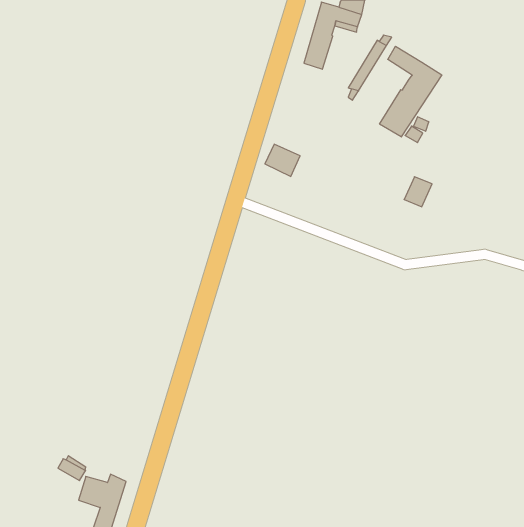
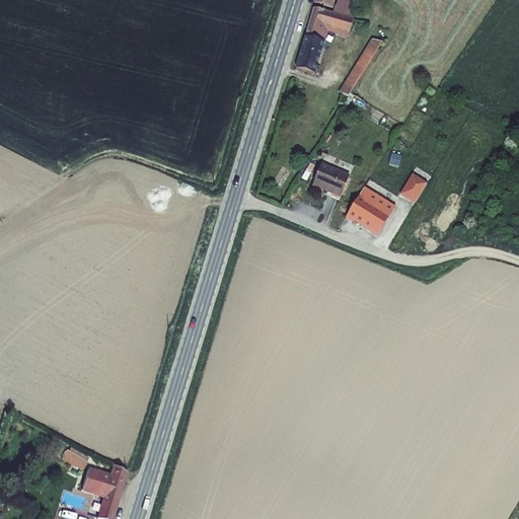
building: [380,46,442,137] -> none
building: [265,144,300,176] -> [312,166,347,198]
building: none -> [348,180,397,228]

